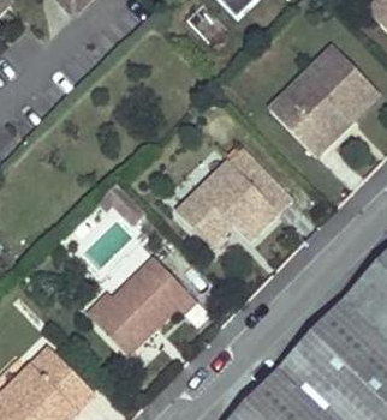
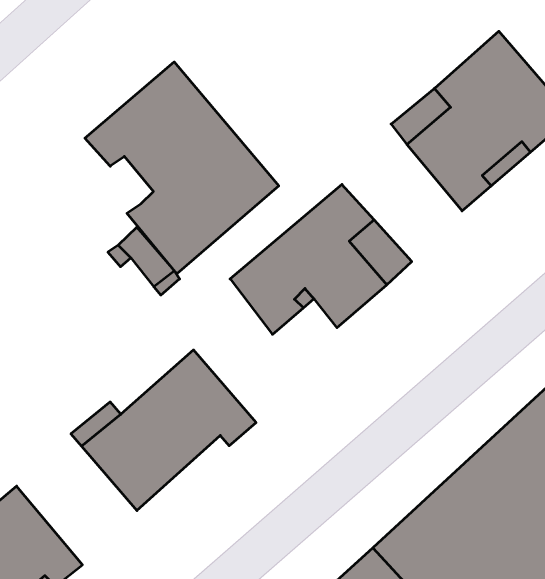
building: none -> [85,62,279,274]

